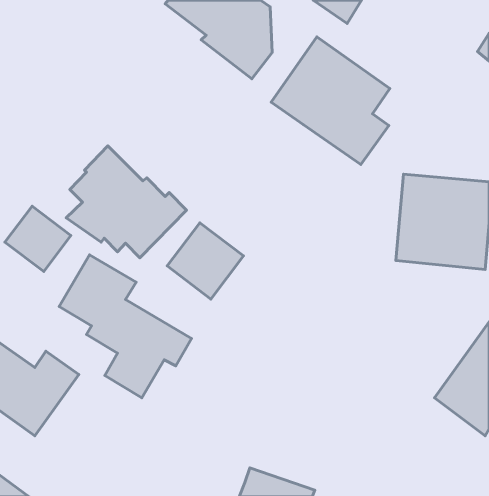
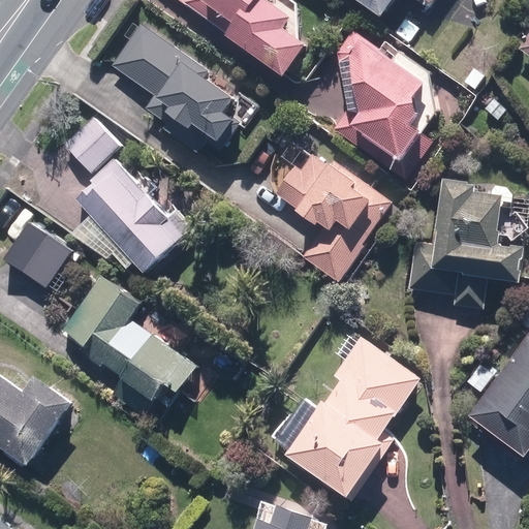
building: none -> [112,24,261,150]
building: none -> [63,116,122,175]
building: none -> [277,152,396,283]
building: [167,223,243,299] -> none
building: none -> [277,333,426,496]

